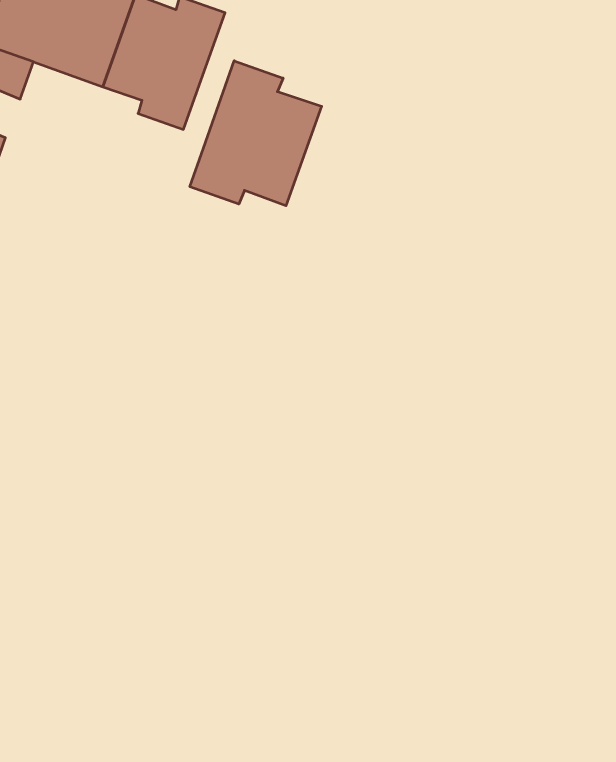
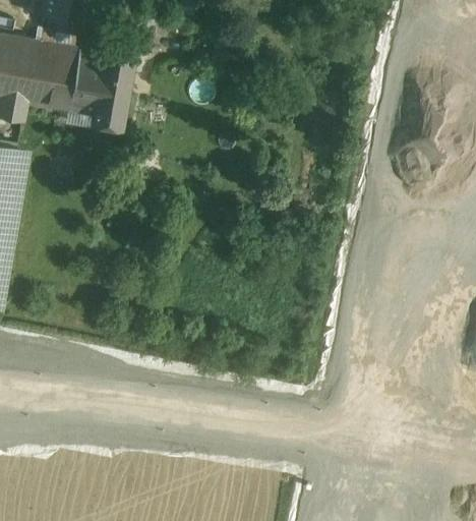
building: [190,61,322,206] -> none

